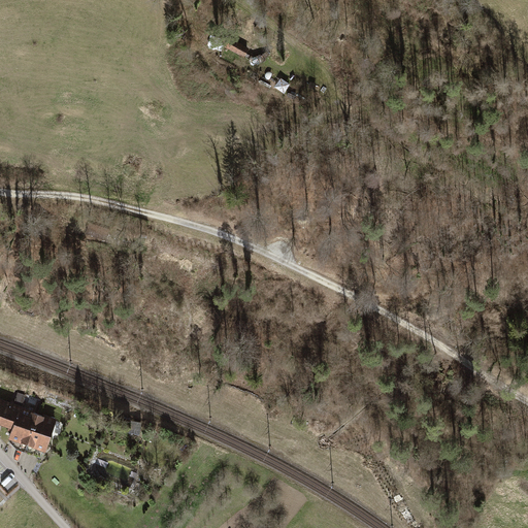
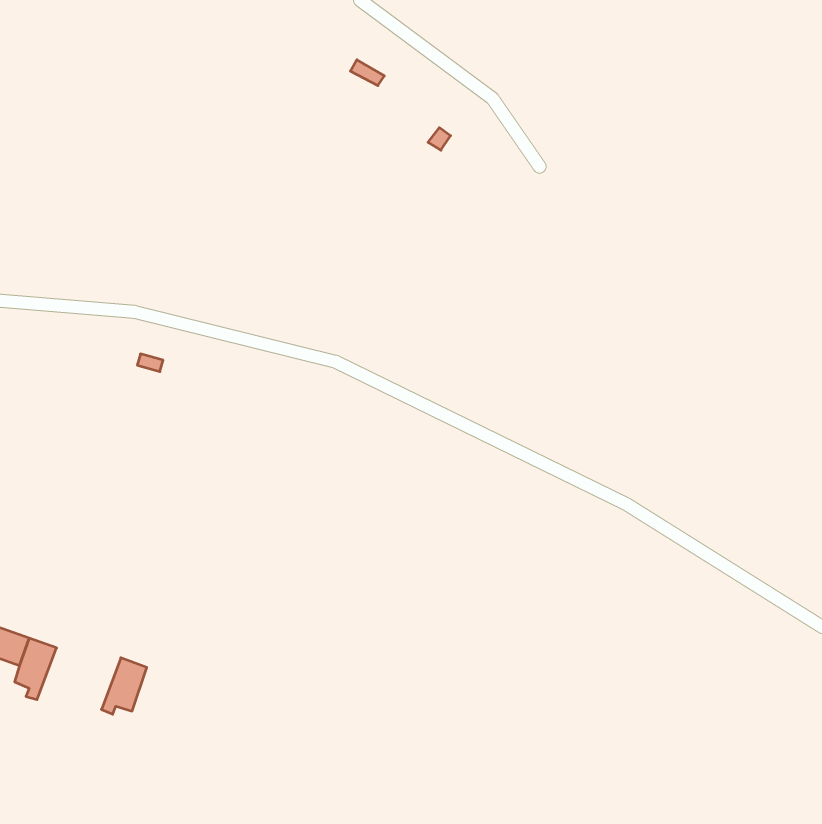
building: [24,415,53,451] -> [101,658,147,714]

